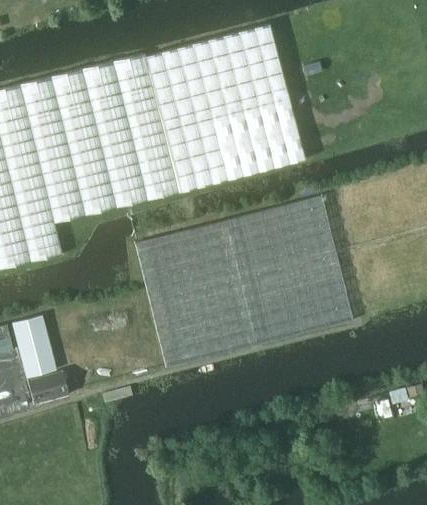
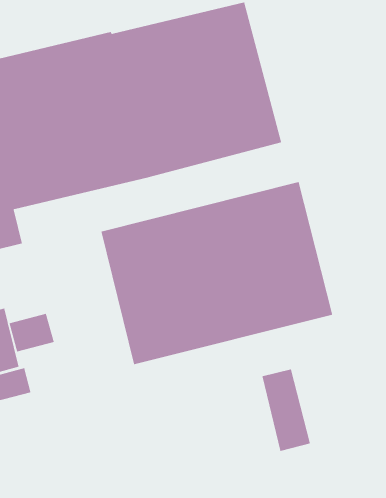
building: none -> [9,313,55,352]
building: none -> [261,369,311,452]

